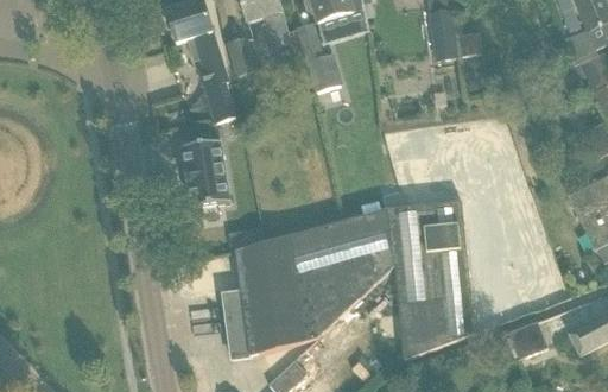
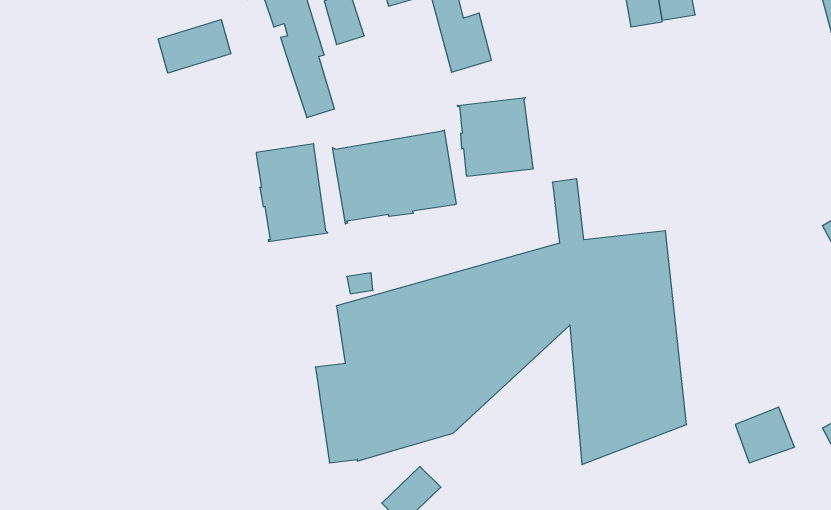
building: none -> [158,20,231,73]
building: none -> [457,98,533,176]
building: none -> [333,130,456,224]

